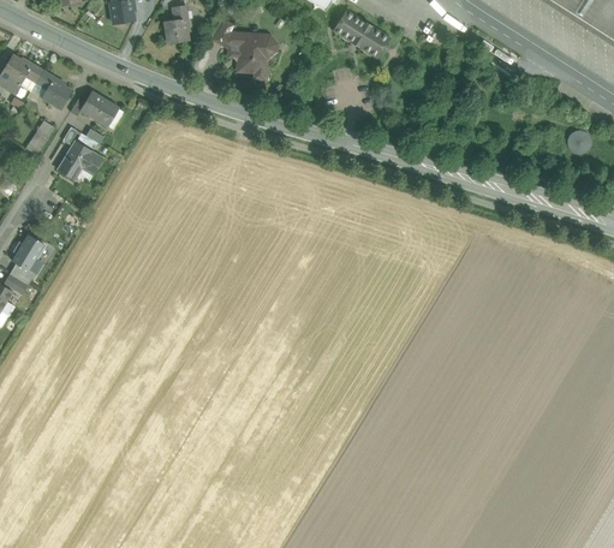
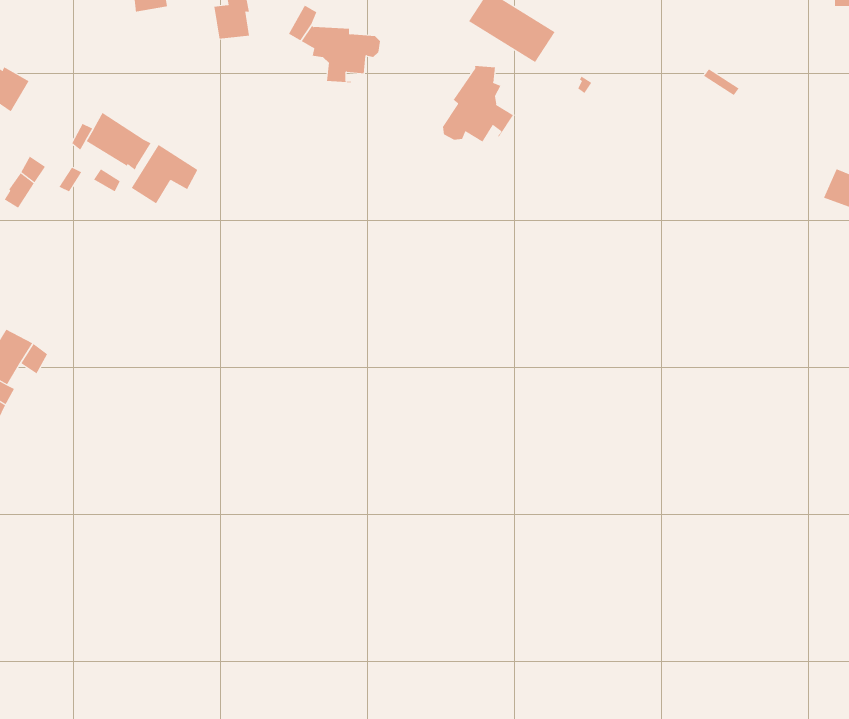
building: none -> [442,65,514,142]
building: [31,70,72,108] -> none
building: [58,139,102,179] -> [131,144,198,204]

